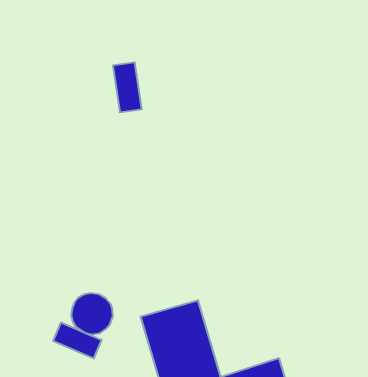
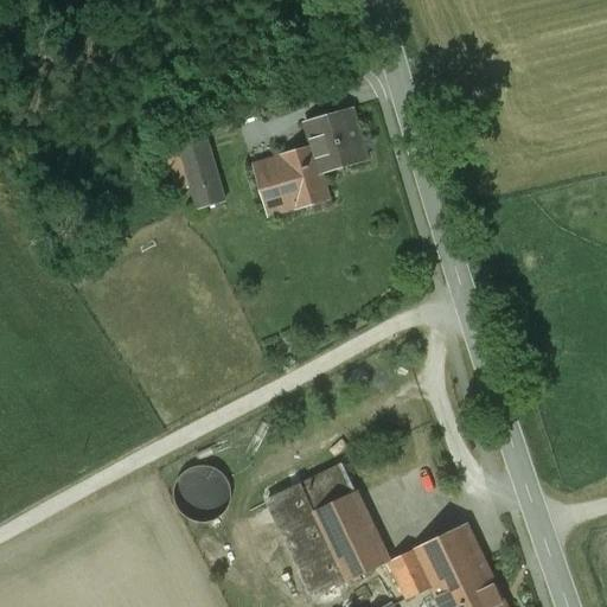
building: none -> [247,110,365,222]
building: [53,322,102,358] -> none

